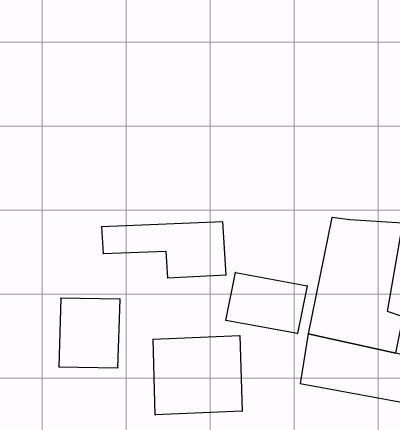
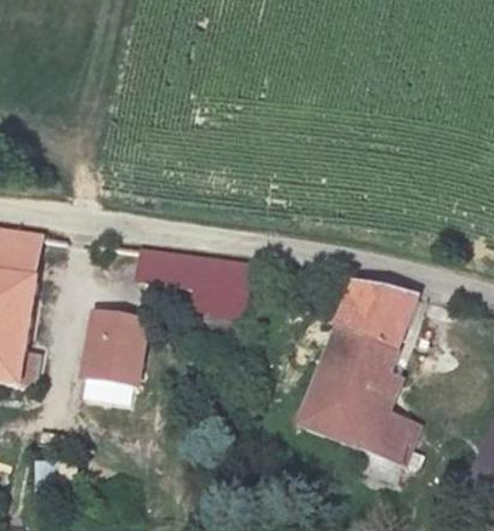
building: [226,272,307,334] -> none
building: [153,336,242,415] -> none

